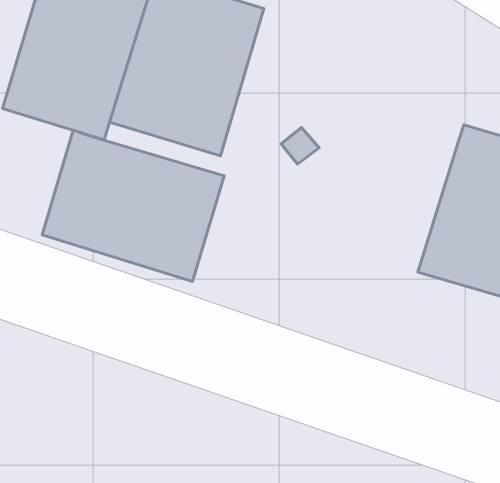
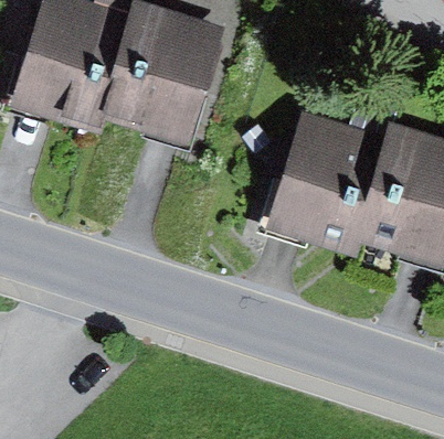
building: none -> [263,109,383,255]
building: [42,130,224,282] -> none

